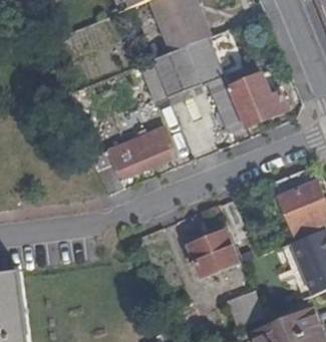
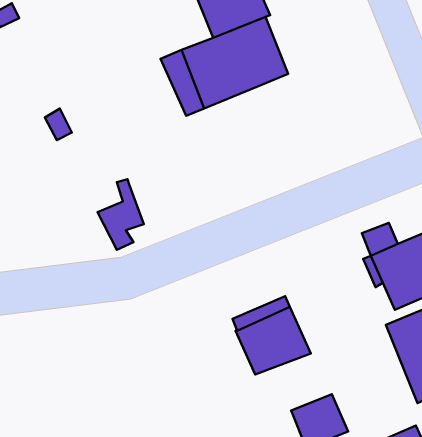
building: [206,36,286,131] -> none
building: [116,128,174,176] -> none

